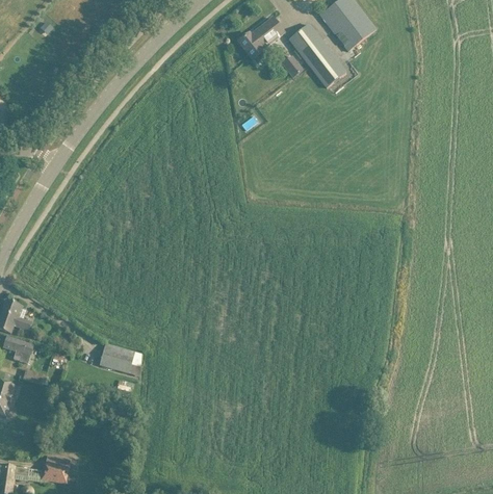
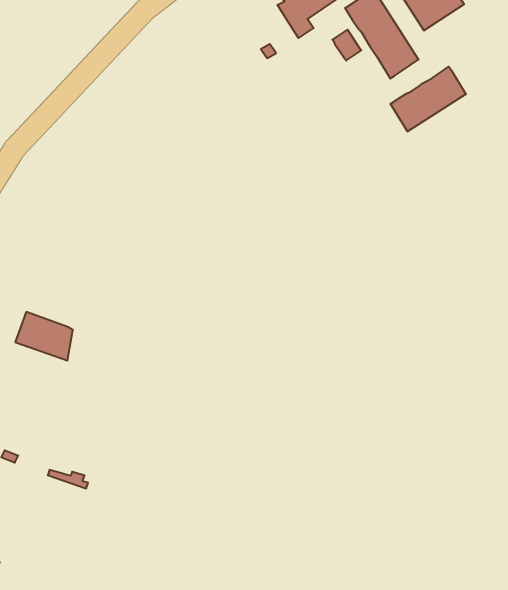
building: none -> [390,67,466,132]
building: [99,342,140,375] -> [15,312,73,361]

